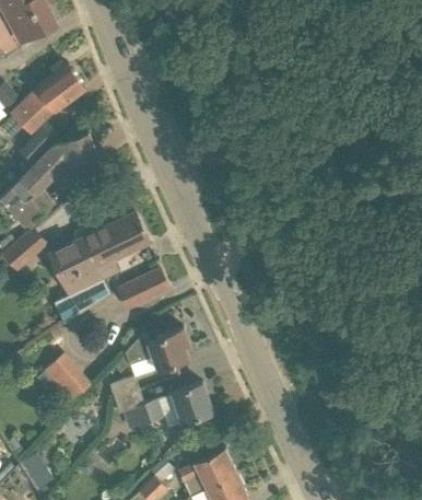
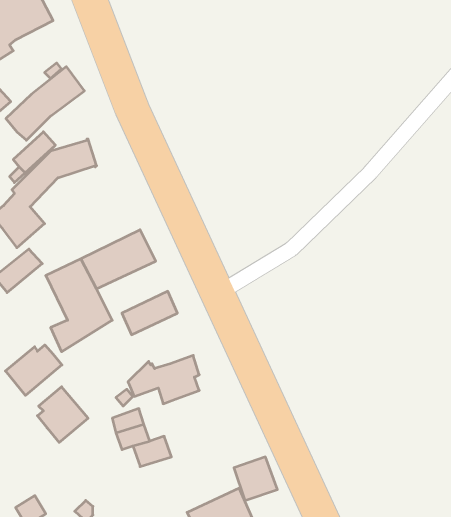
building: none -> [5,345,62,395]
building: [173,383,212,422] -> [234,457,277,500]

